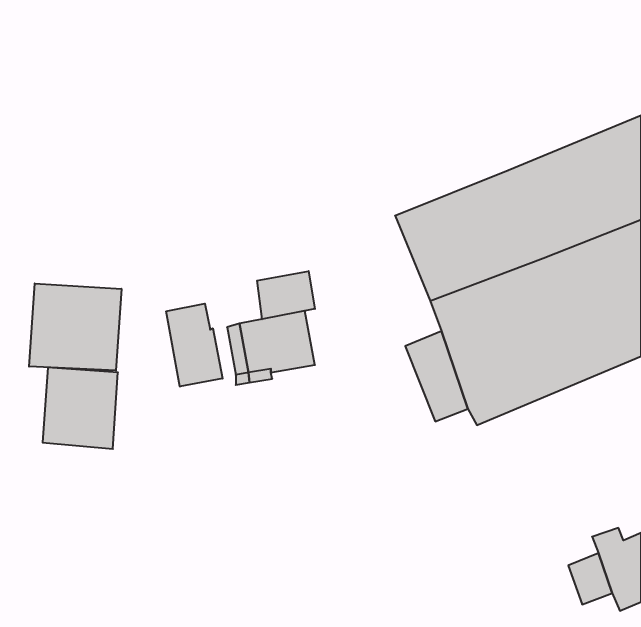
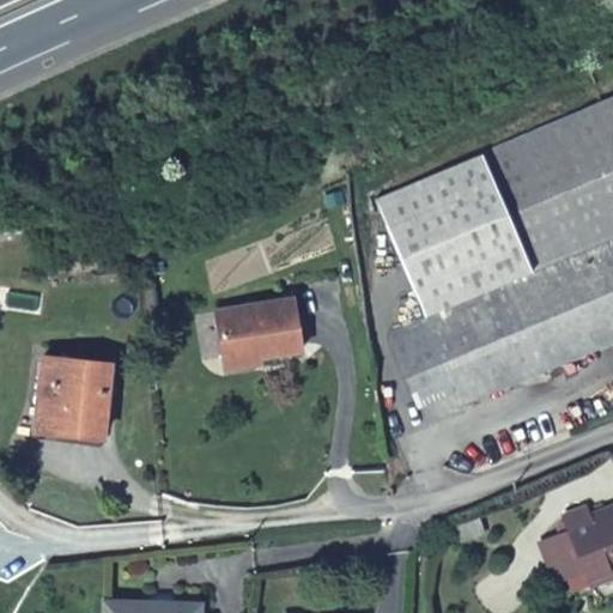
building: [257,271,315,319] -> none
building: [29,283,121,371] -> none
building: [166,304,223,387] -> none

